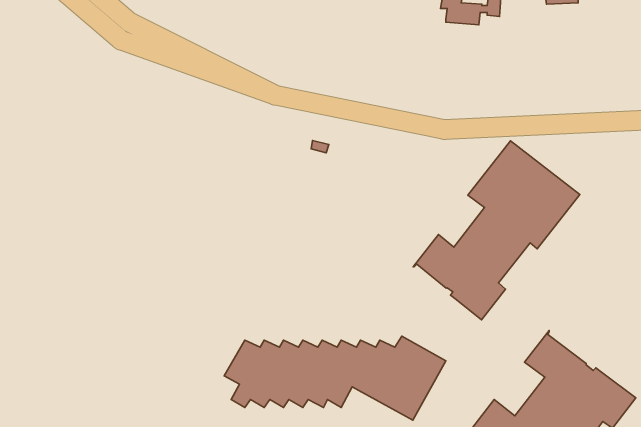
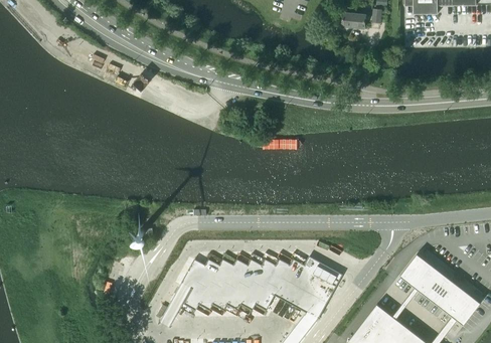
building: [413,141,580,320] -> none

